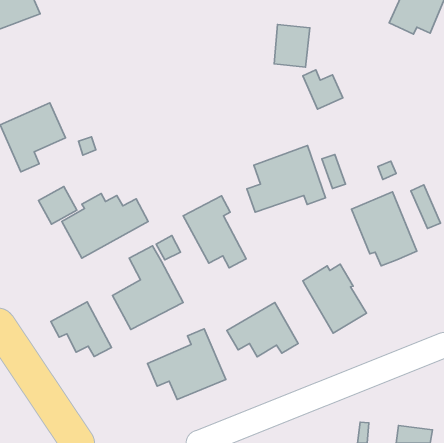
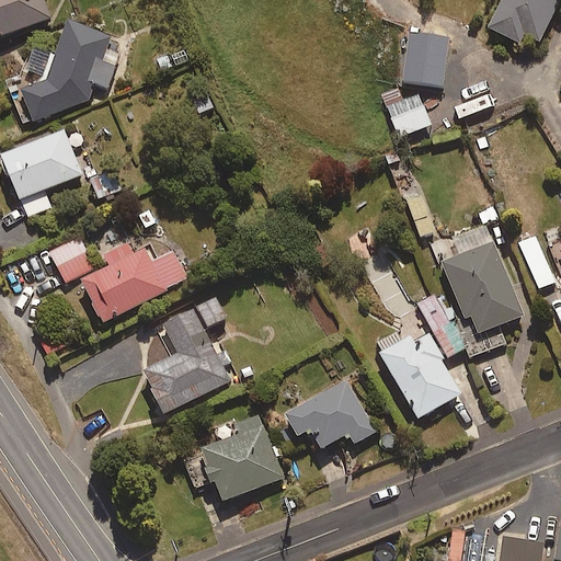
building: none -> [23,22,119,122]
building: [274,25,310,67] -> [403,32,448,85]
building: [247,146,325,212] -> none
building: [183,196,246,268] -> none
building: none -> [416,293,467,357]
building: [51,302,111,357] -> none

